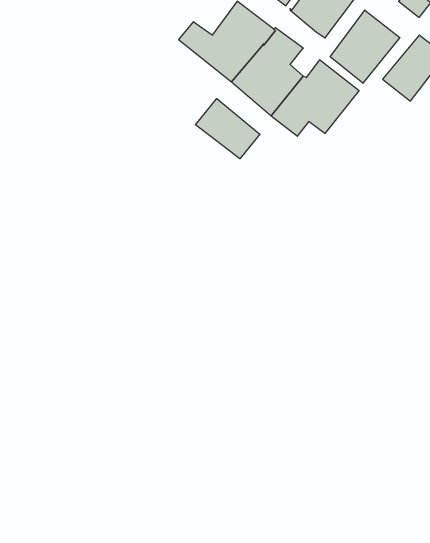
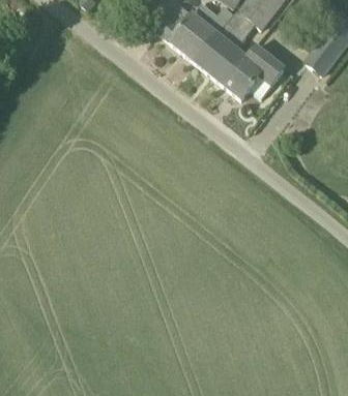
building: [330,10,400,83] -> none
building: [195,99,260,159] -> none

